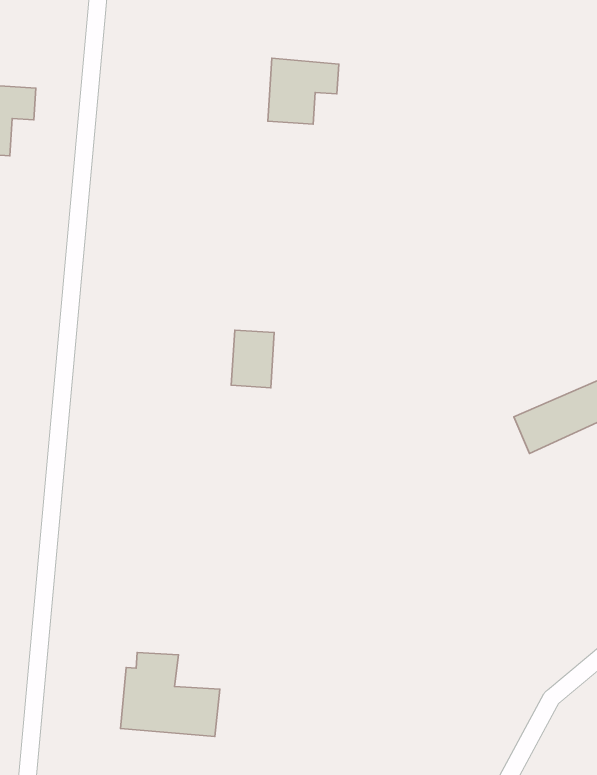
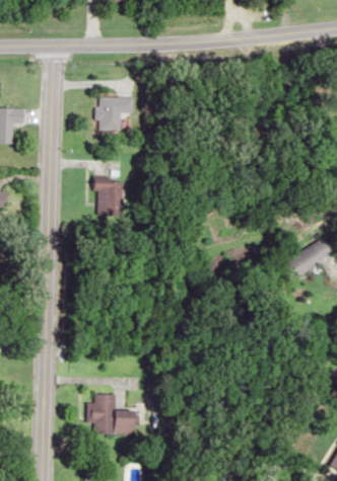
building: [268,58,339,124] -> [97,97,132,130]
building: [231,330,274,388] -> [98,184,119,213]

